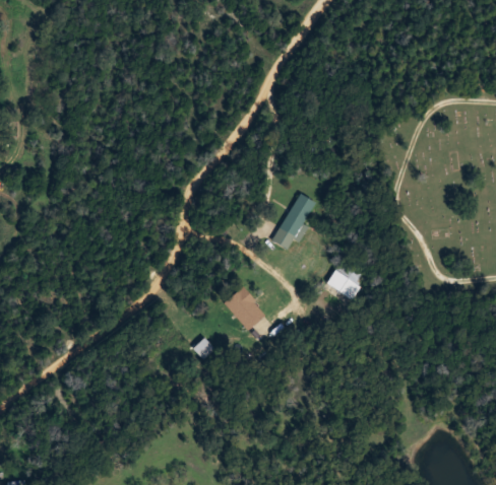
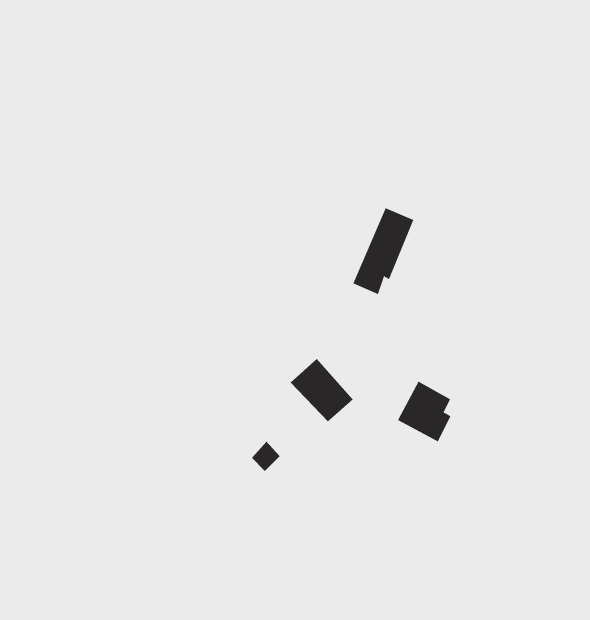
building: [325,261,362,302] -> [397,381,451,442]

